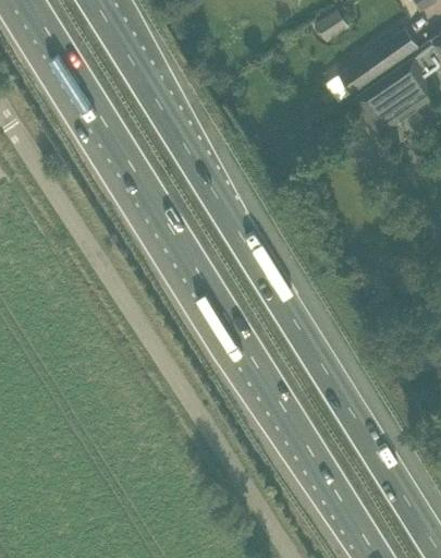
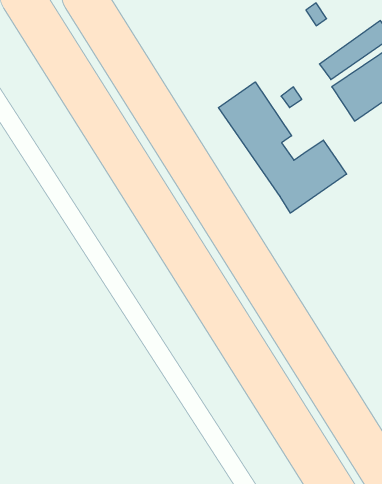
building: none -> [218,82,347,213]

